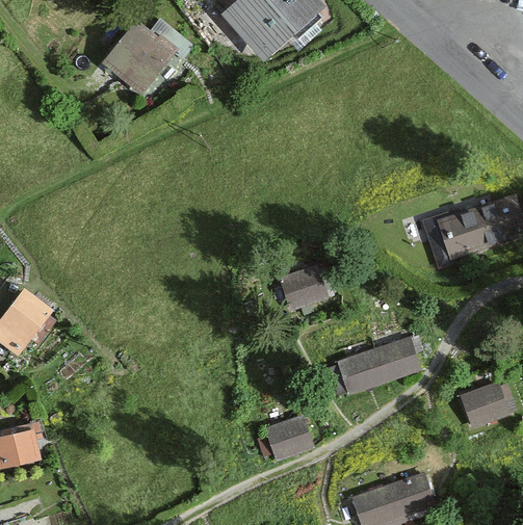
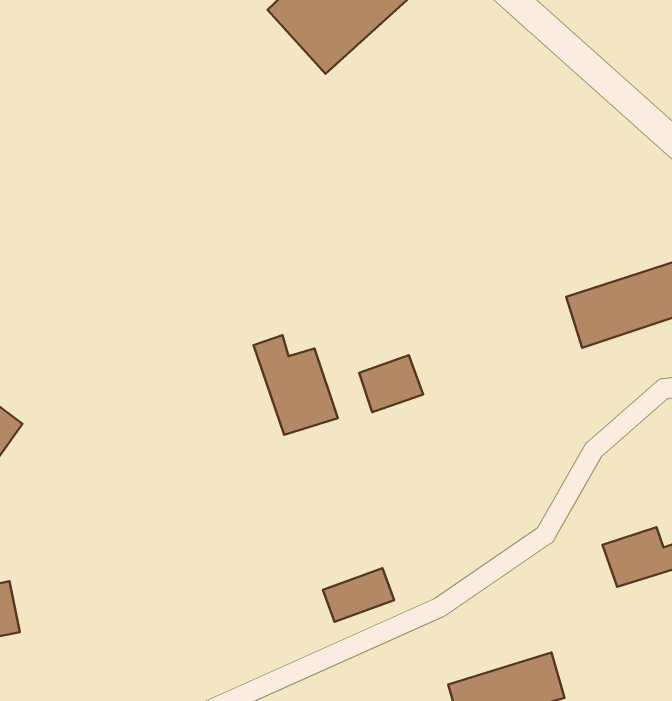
building: [99,19,174,95] -> none
building: none -> [254,335,338,435]
building: [342,335,430,393] -> none

